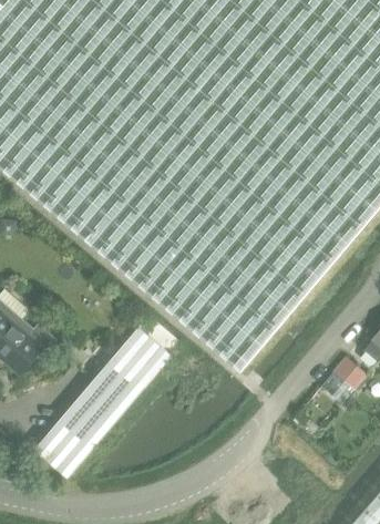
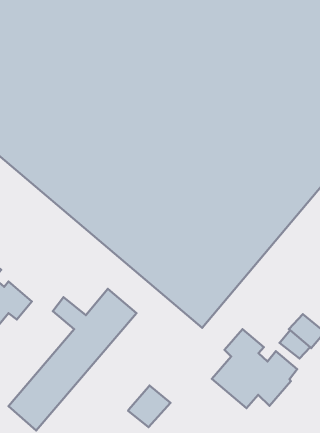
building: none -> [212,329,297,408]
building: none -> [128,385,170,427]

